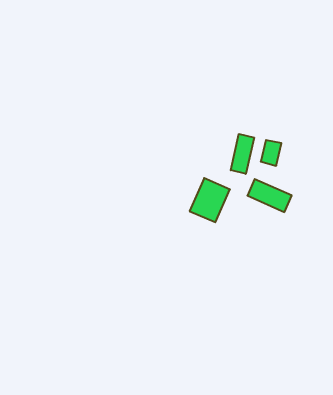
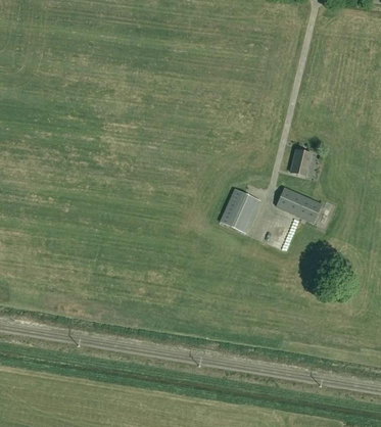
building: [231,134,254,174] -> none

